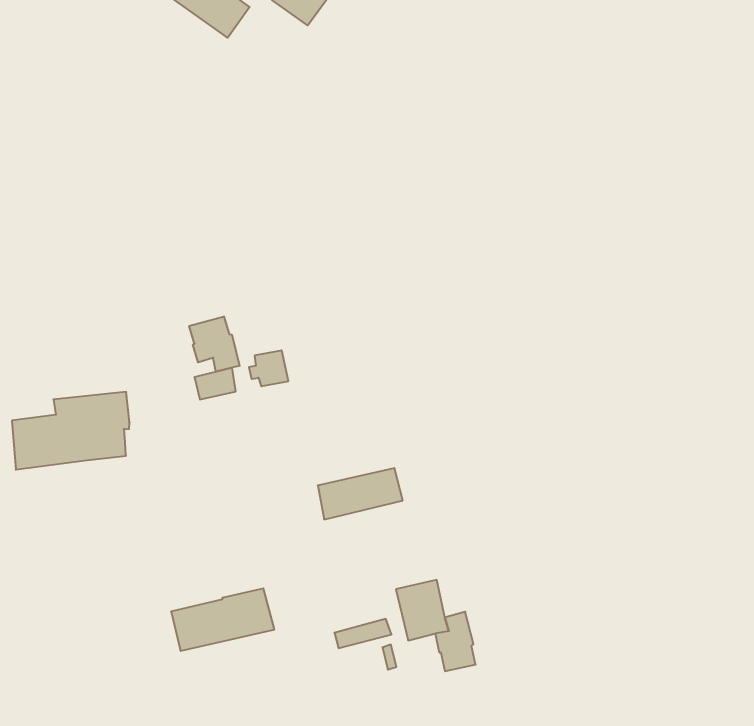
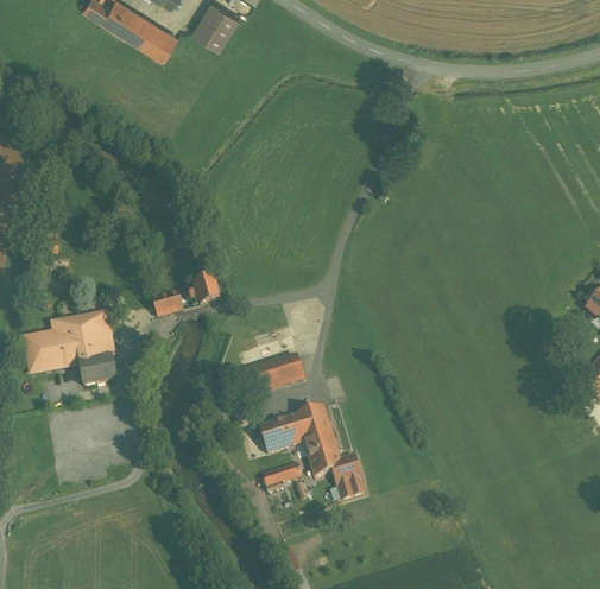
building: [189,316,240,371] -> none
building: none -> [81,356,116,384]
building: [171,588,274,651] -> [259,404,333,451]

